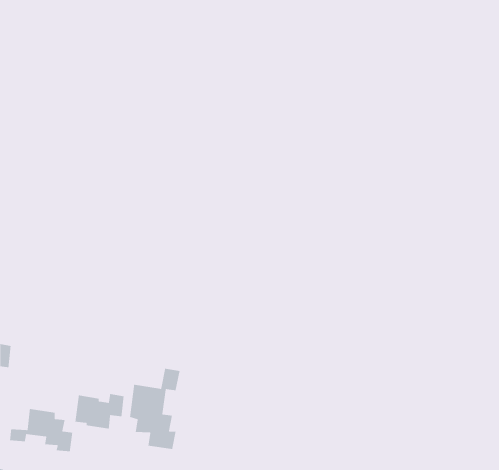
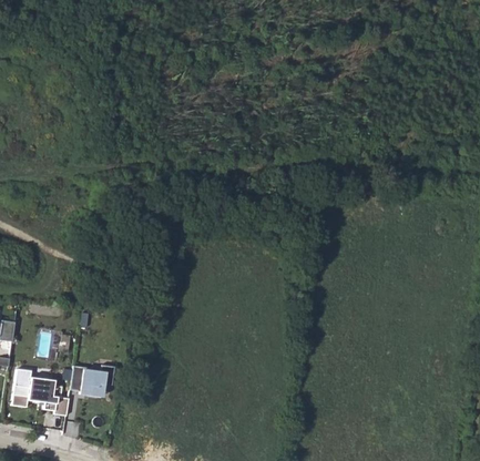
building: [129,368,180,450] -> none

